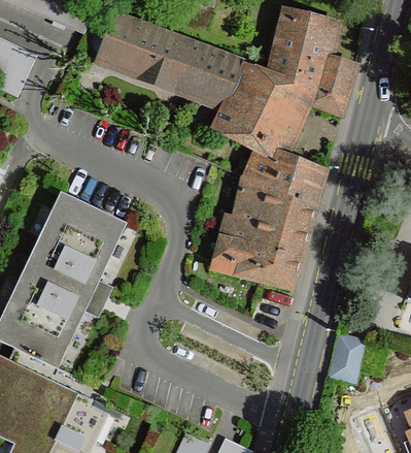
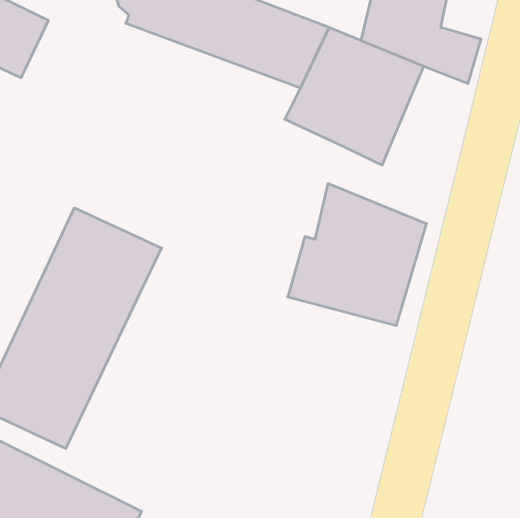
building: [243,149,321,204] -> none
building: [328,332,366,383] -> none

